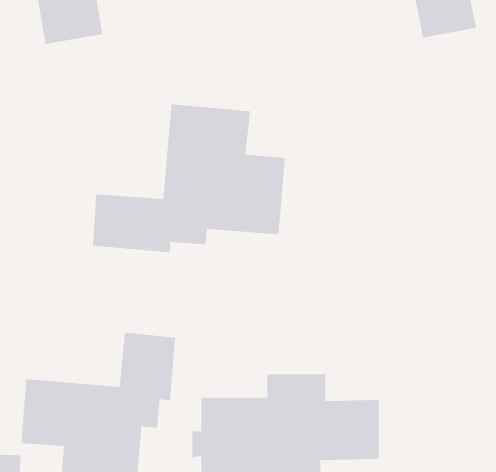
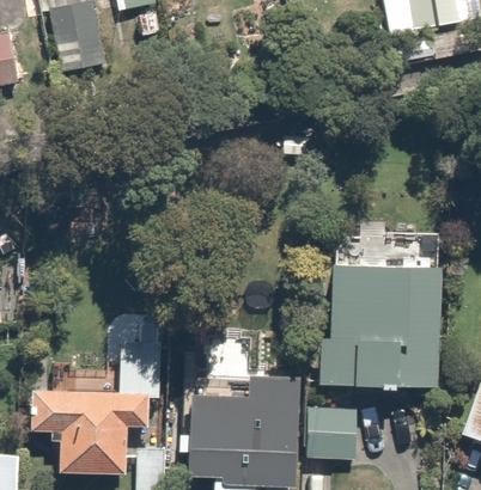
building: [92,104,285,253] -> none
building: none -> [321,261,446,388]

